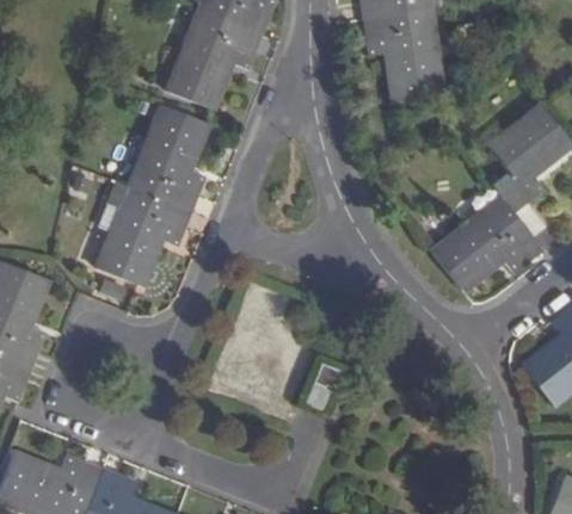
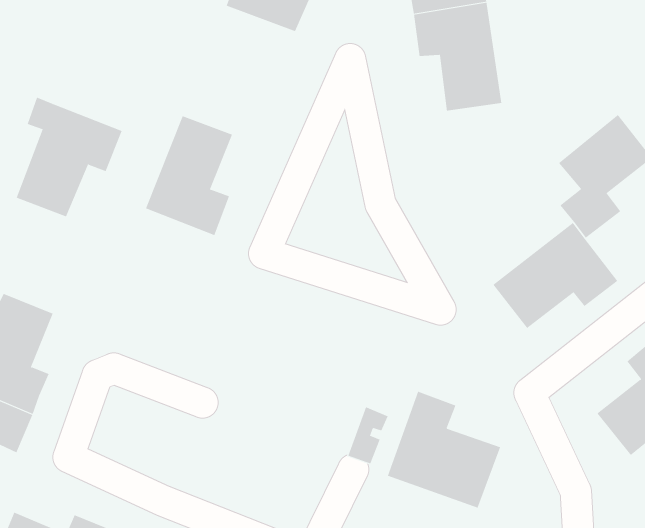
building: [167,11,260,109] -> none
building: [97,181,190,286] -> [16,97,123,217]
building: none -> [387,391,501,508]

